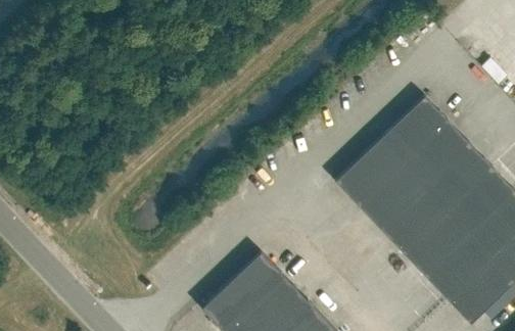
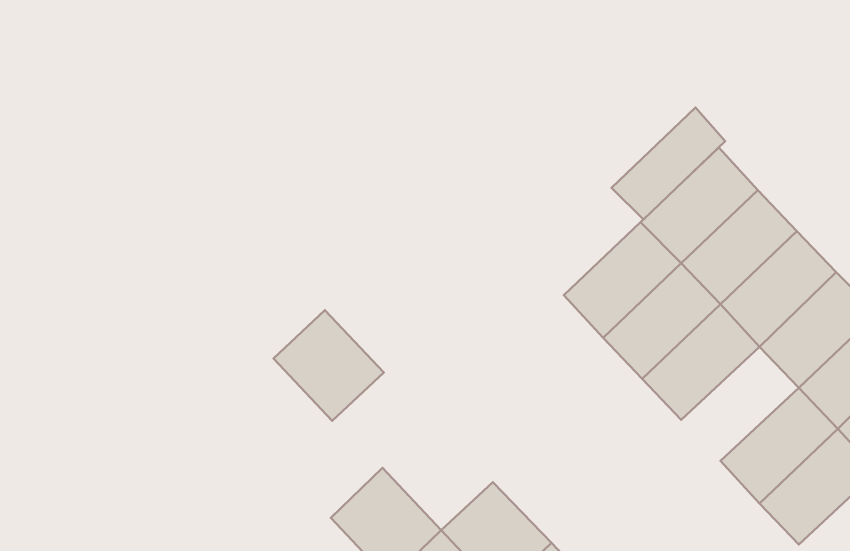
building: none -> [611,108,725,219]
building: [405,211,472,277] -> none
building: [233,253,296,317] -> [273,310,384,421]

